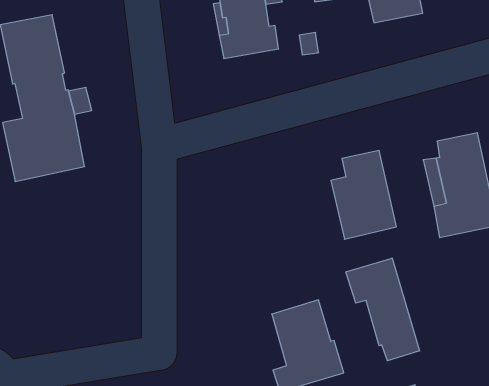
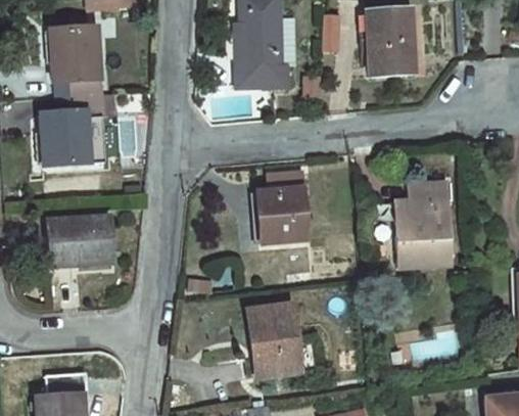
building: [331,150,396,239] -> [256,173,306,244]
building: none -> [47,216,112,267]
building: [346,258,420,361] -> none

